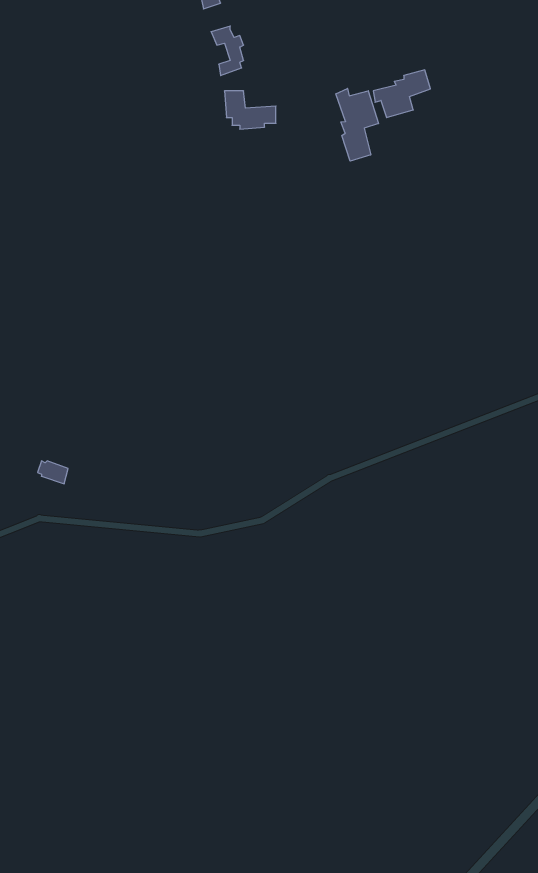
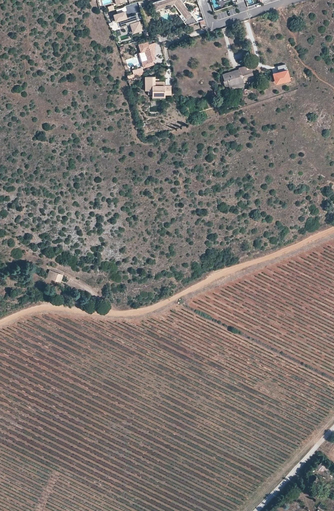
building: [336,88,378,161] -> none

